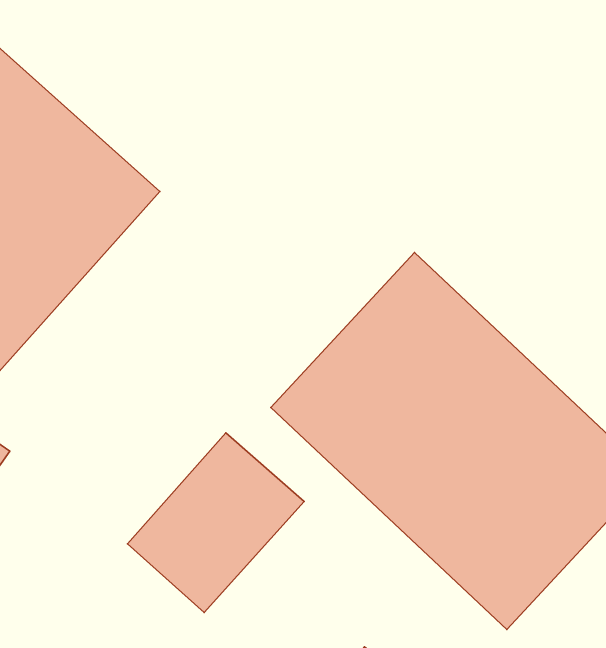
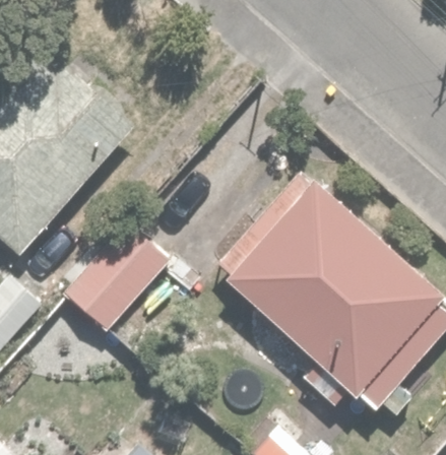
building: [127,433,304,613] -> [56,215,171,332]

